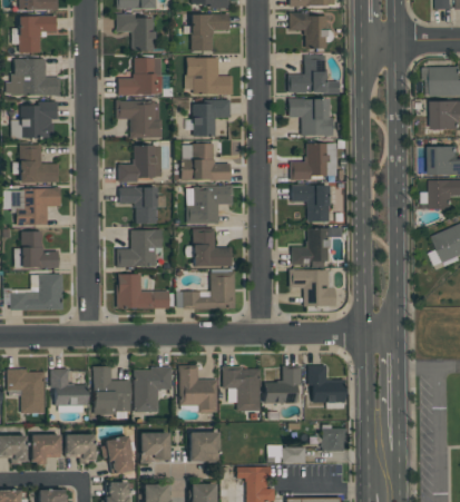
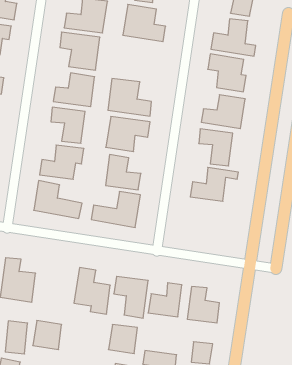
building: [193,101,231,137] -> none
building: [290,269,335,306] -> none
building: [134,367,173,412] -> none
building: [189,432,219,462] -> [108,325,137,354]

